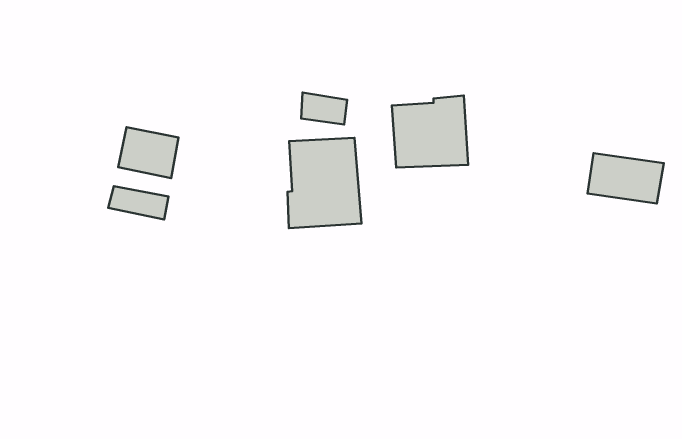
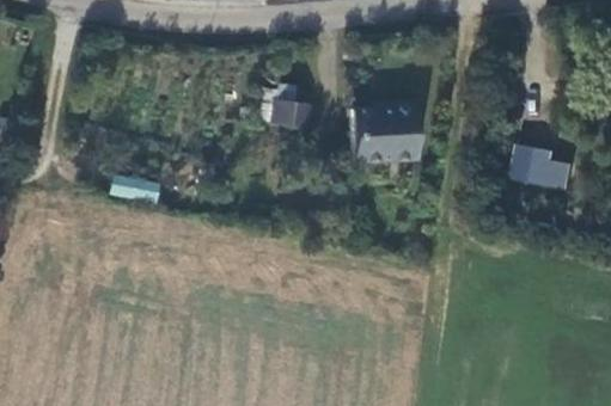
building: [118,127,178,178] -> none
building: [288,138,361,228] -> none

